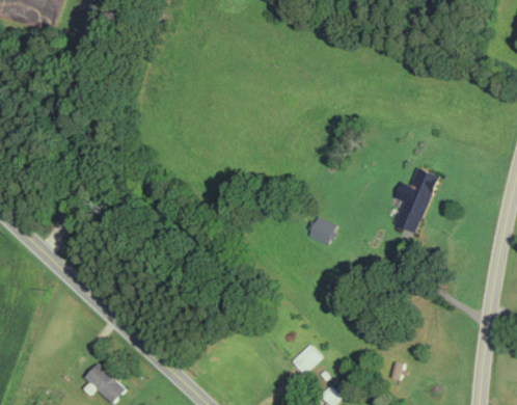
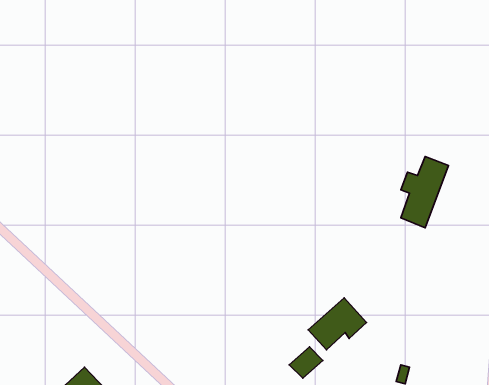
building: [308,218,335,244] -> none
building: none -> [308,298,366,350]

